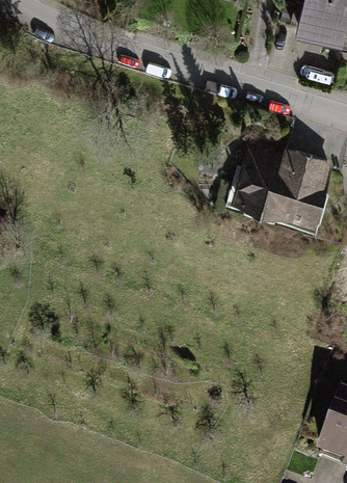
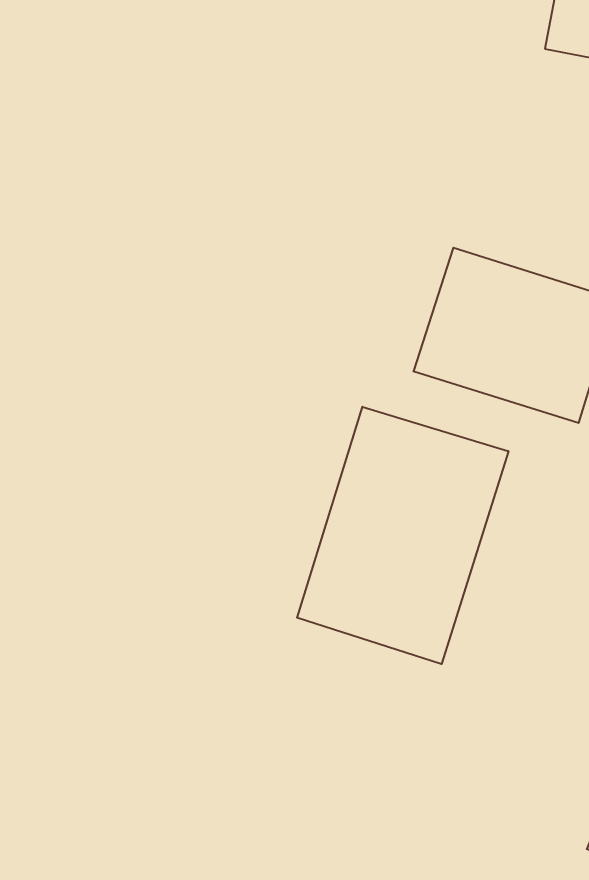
building: none -> [297,407,508,664]

